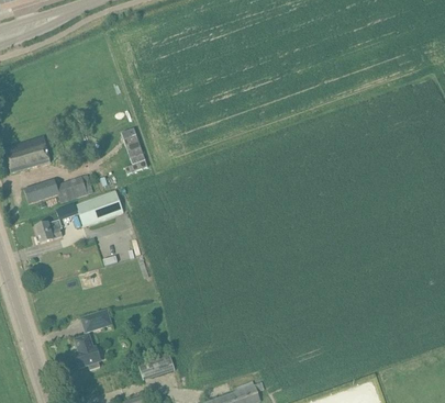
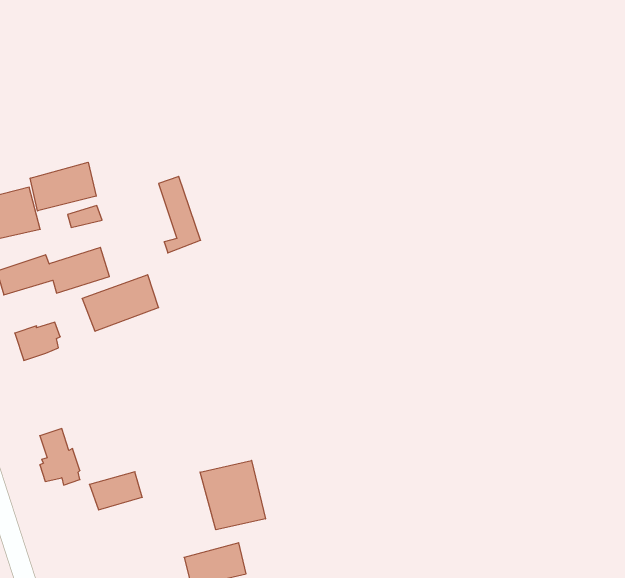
building: none -> [30,162,96,211]
building: none -> [200,460,265,530]
building: [75,333,99,367] -> [40,429,80,485]

